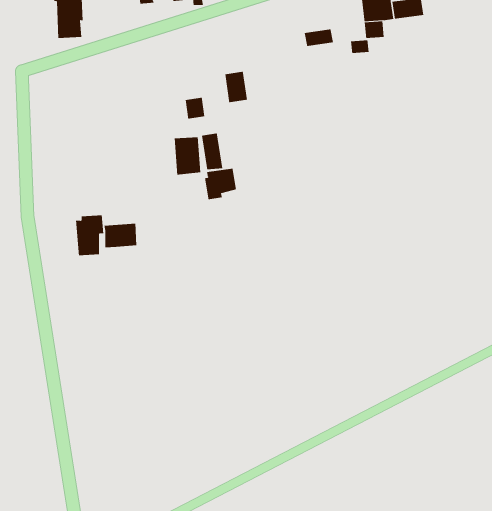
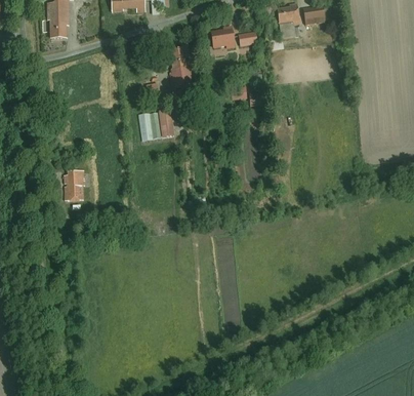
building: none -> [210,26,236,47]
building: [205,168,236,200] -> none
building: [104,223,137,248] -> none

